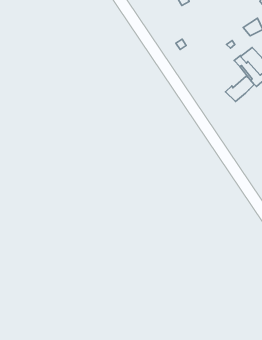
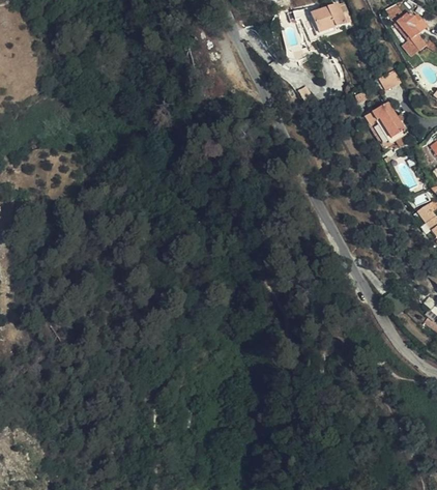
building: [225,76,254,102] -> none

